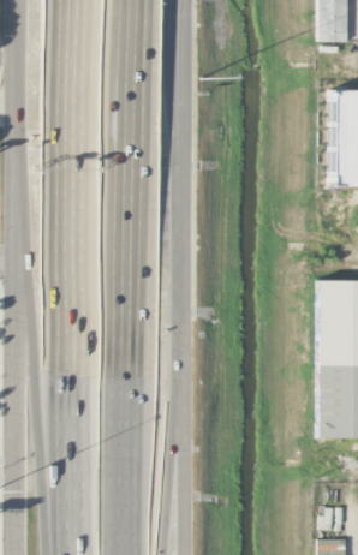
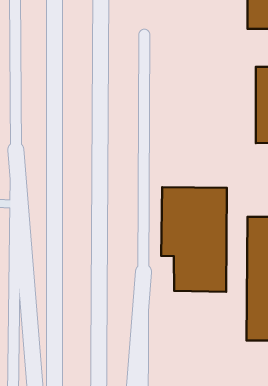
building: none -> [161,187,227,292]

